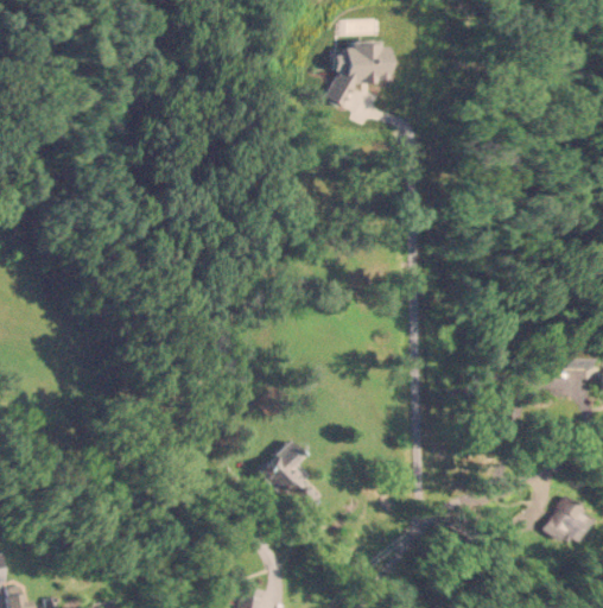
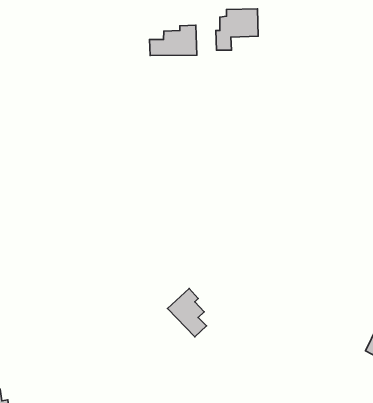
building: none -> [150,25,197,56]

